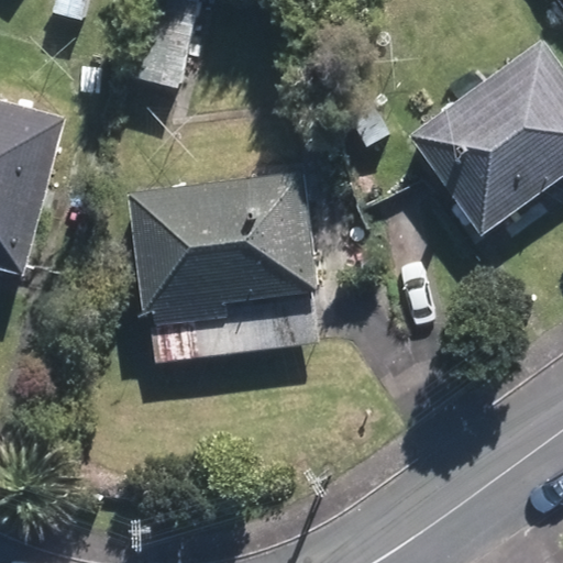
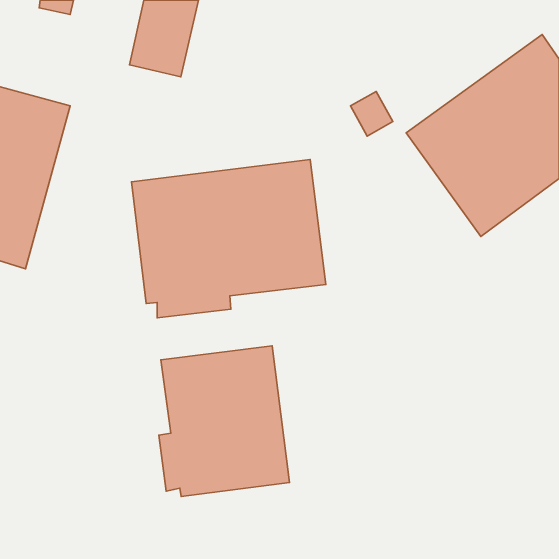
building: none -> [159,346,289,497]

